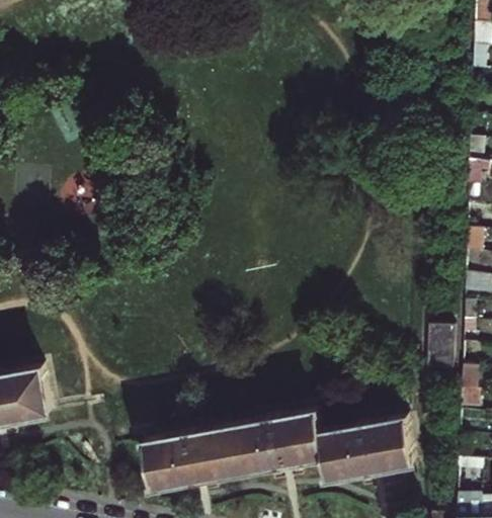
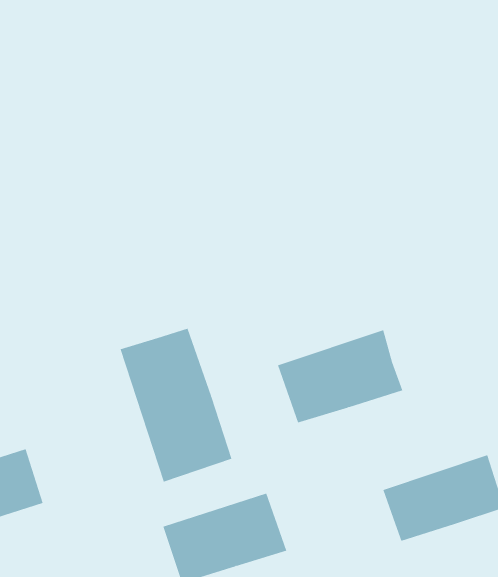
building: none -> [120,328,232,483]
building: [229,411,325,476] -> [277,330,403,423]

